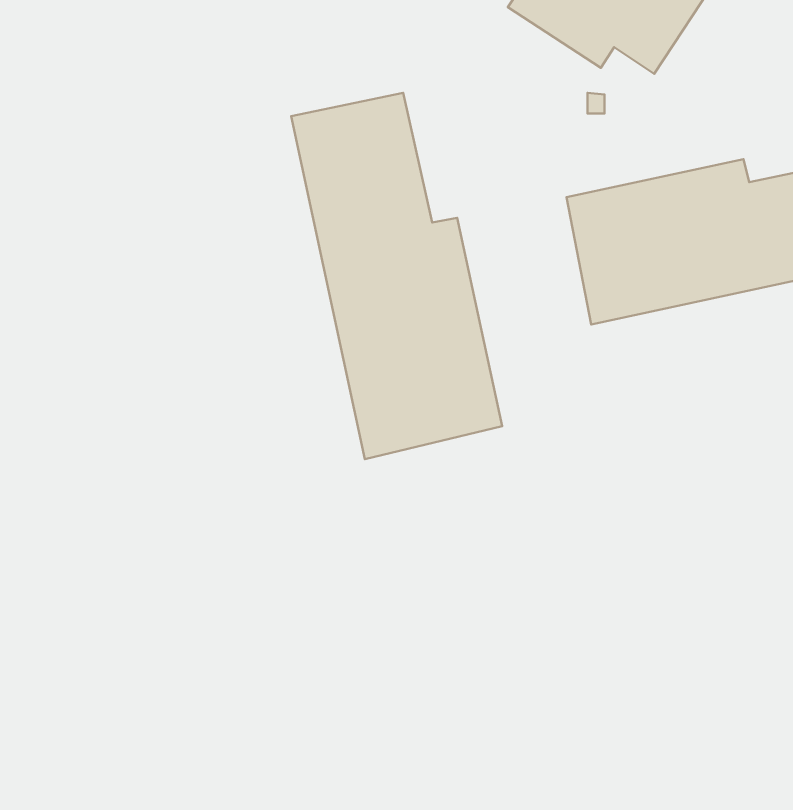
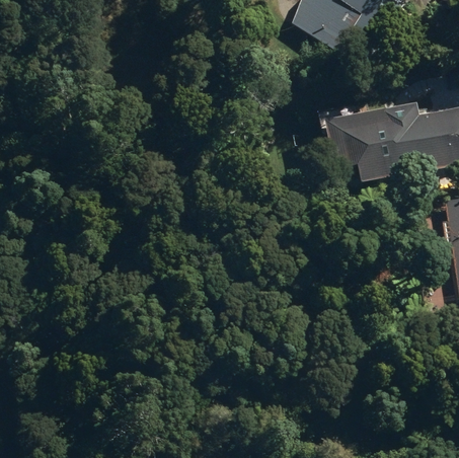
building: [291,93,502,459] -> none

